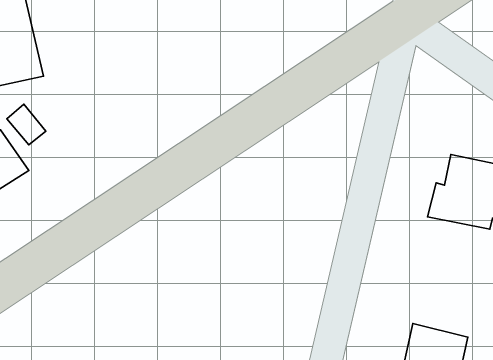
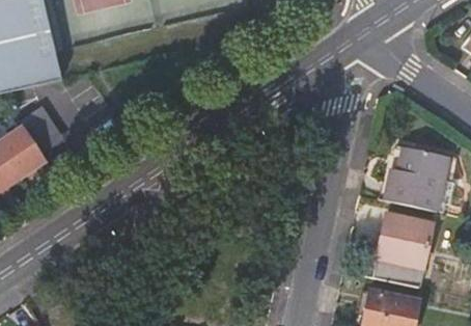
building: none -> [362,214,432,287]

